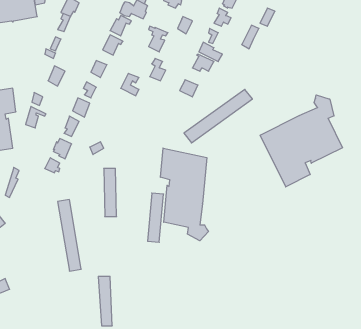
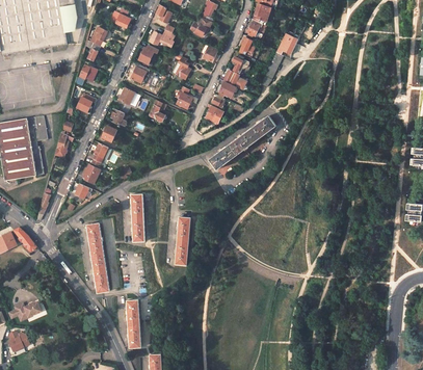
building: [260,95,342,187] -> none
building: [160,148,208,241] -> none

